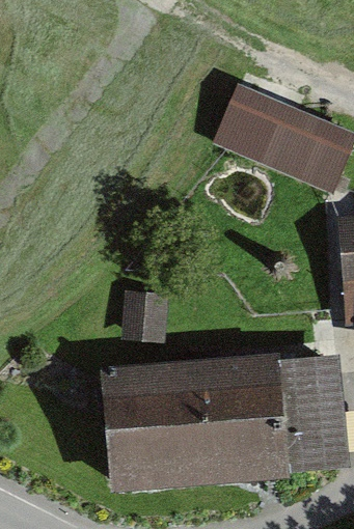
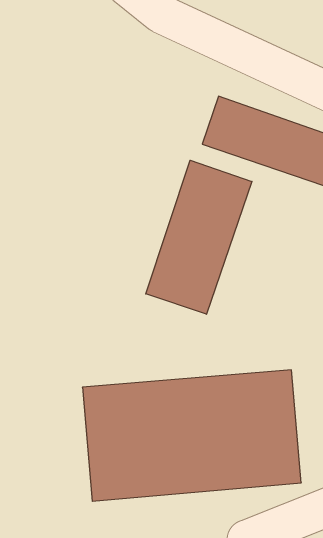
building: none -> [146,160,252,314]

